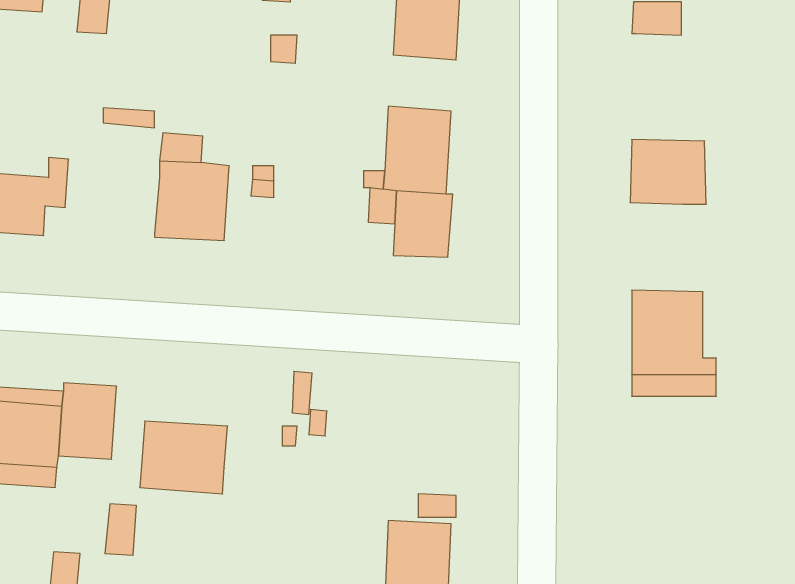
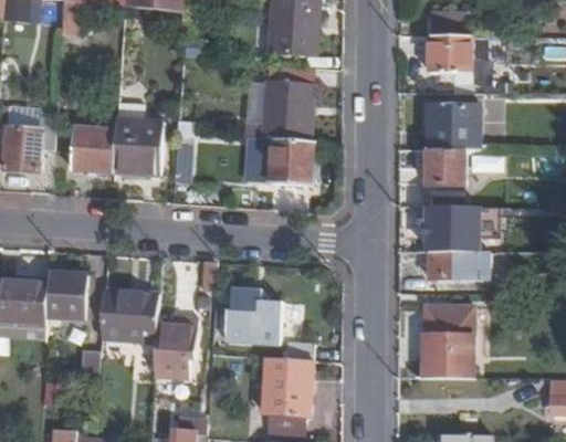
building: none -> [431,34,472,72]
building: none -> [73,128,115,168]
building: none -> [428,147,464,183]
building: none -> [231,302,279,340]
building: none -> [423,315,472,378]
building: none -> [154,316,195,385]

